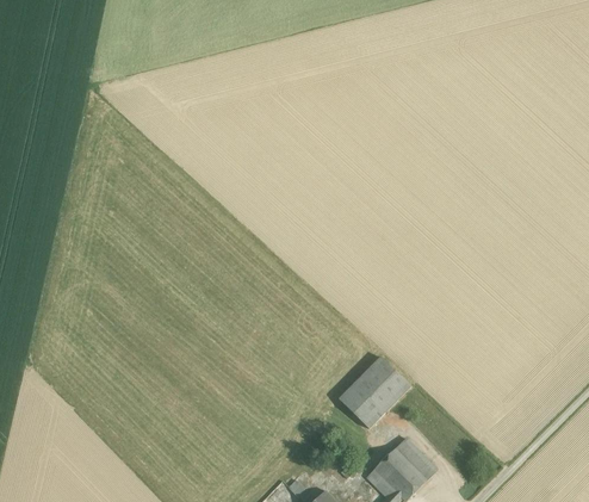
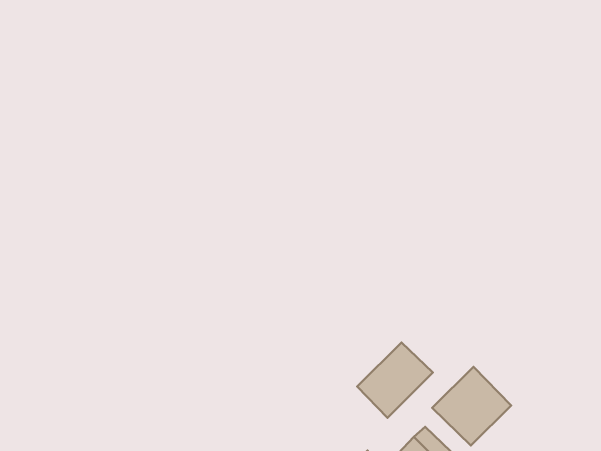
building: none -> [432,367,511,446]

